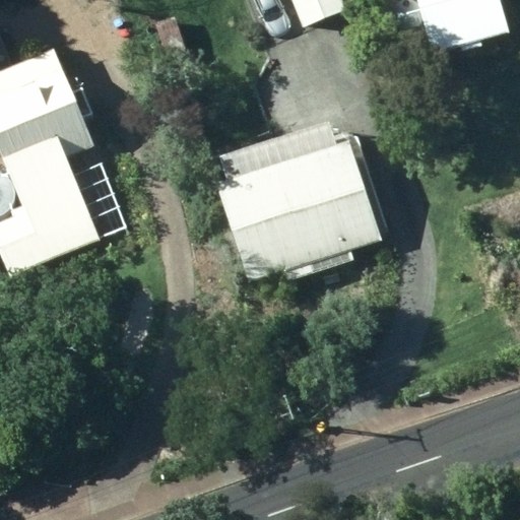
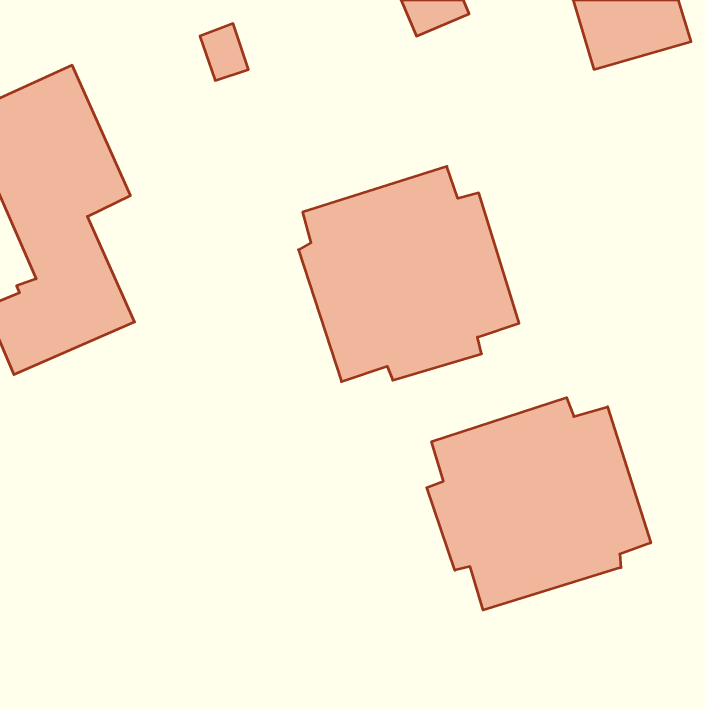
building: none -> [427,398,651,610]

